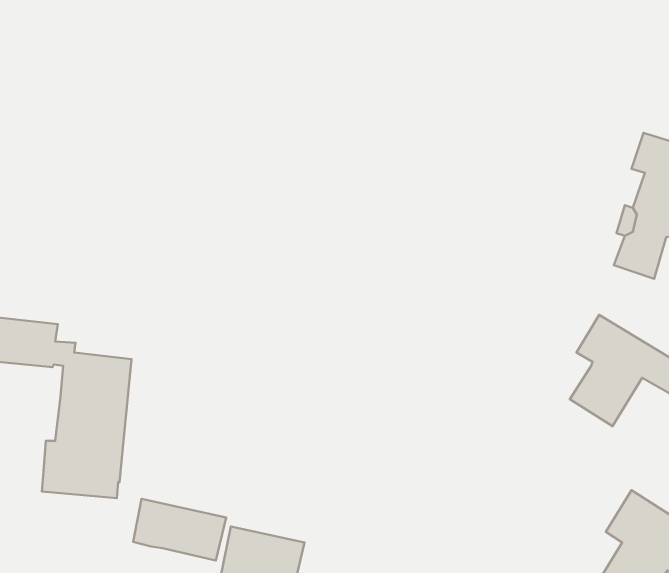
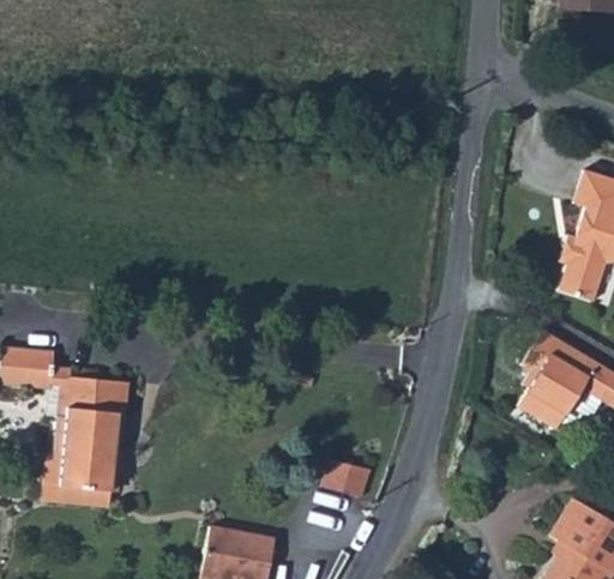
building: none -> [323,458,372,496]
building: [133,499,226,561] -> none

